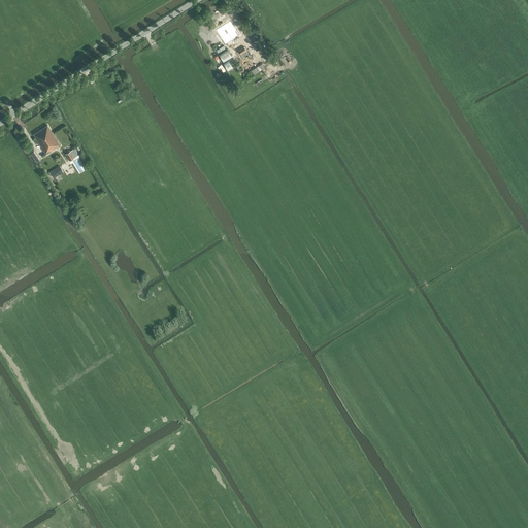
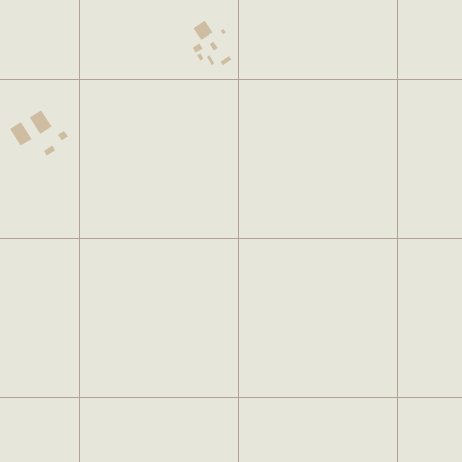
building: none -> [9,121,32,147]

